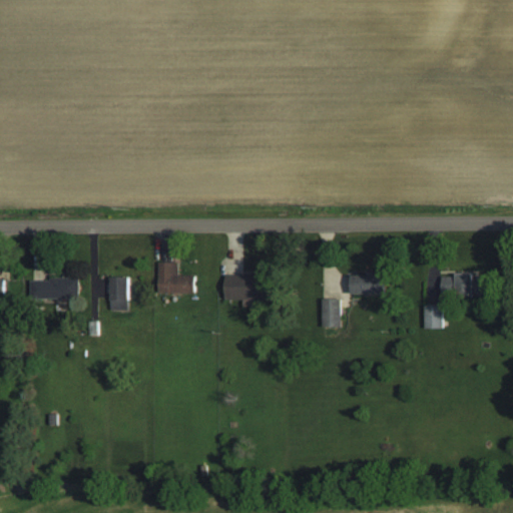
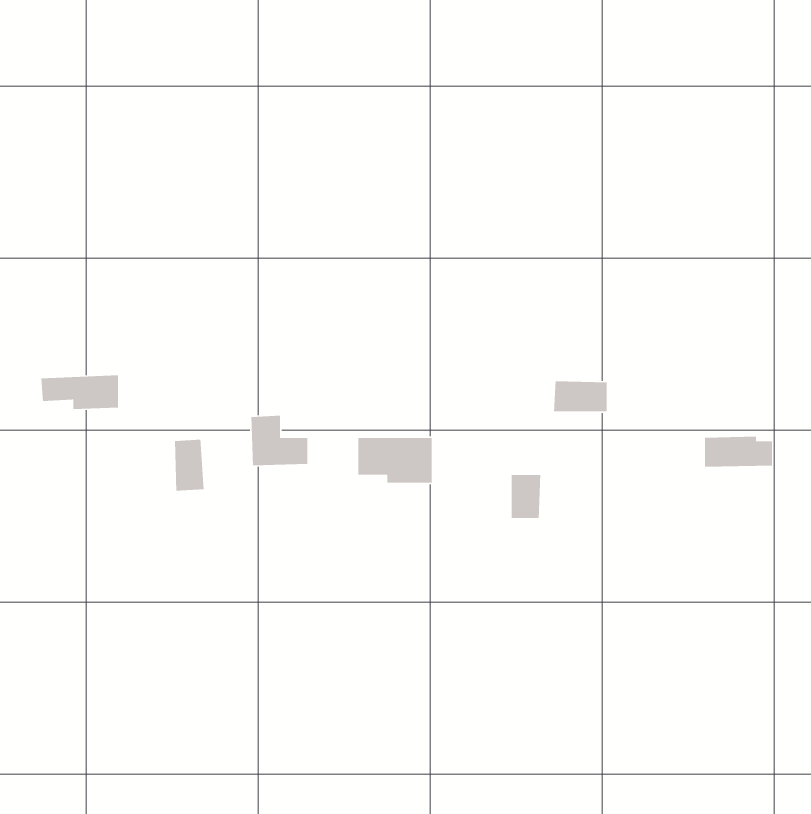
building: [351,274,385,294] -> [553,380,608,412]
building: [29,278,78,300] -> [41,375,119,410]
building: [423,306,442,328] -> none

